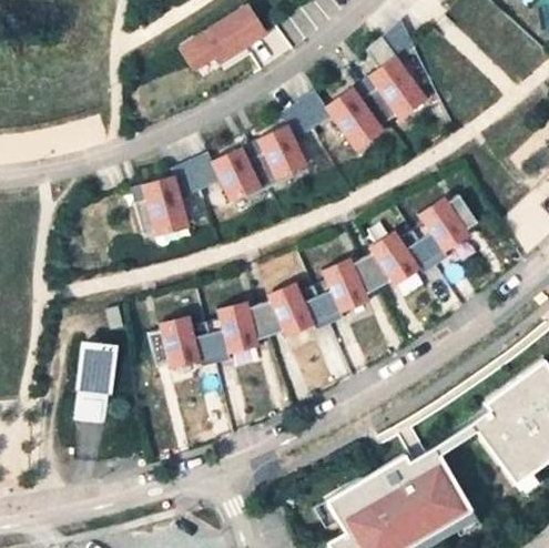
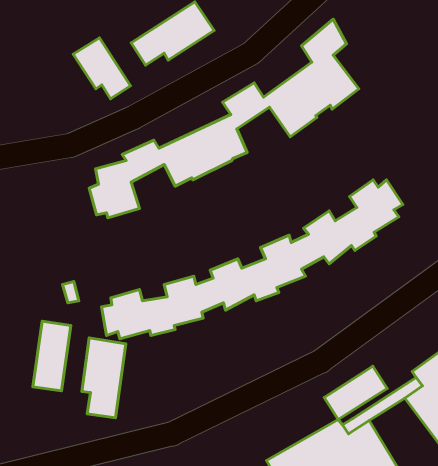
building: none -> [73,38,131,99]
building: none -> [82,338,126,418]
building: none -> [324,366,387,420]

